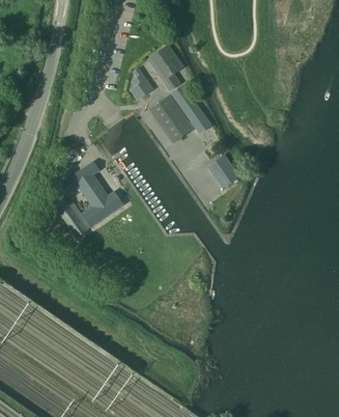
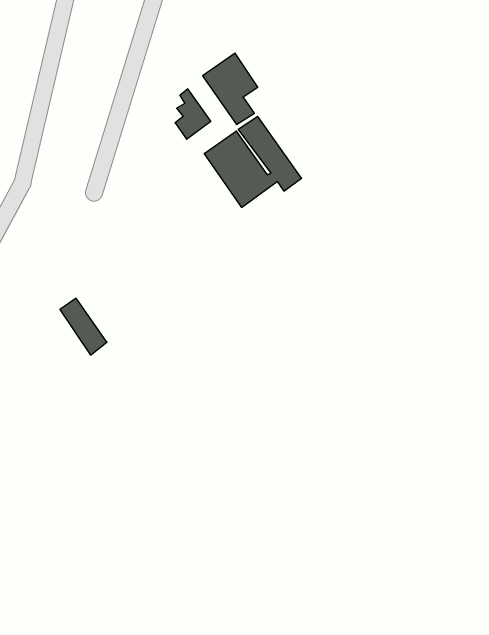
building: [208,155,239,187] -> none
building: [61,161,123,227] -> none

